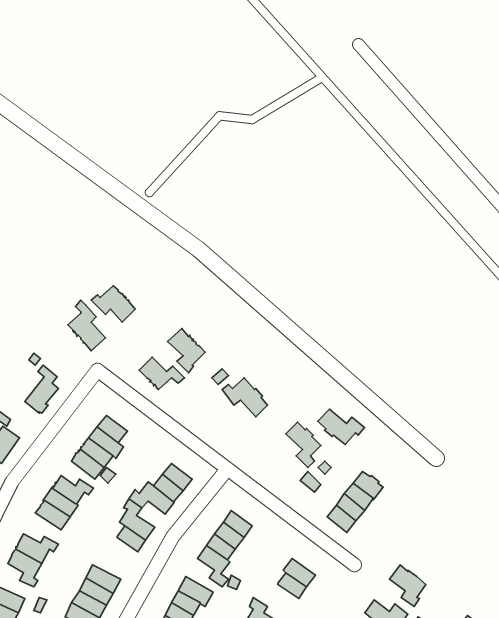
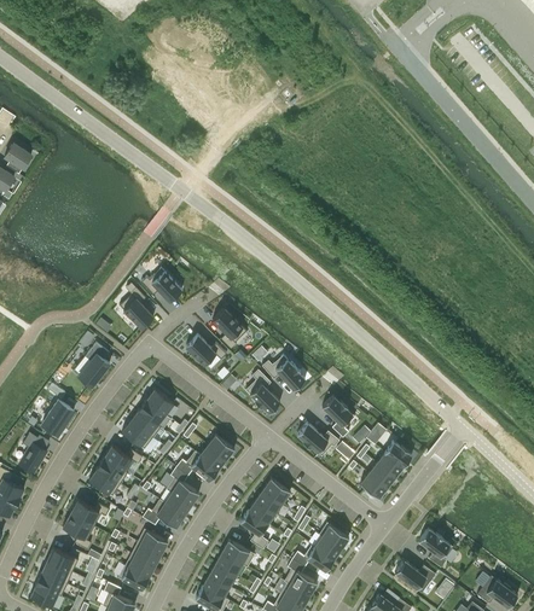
building: none -> [245,368,280,413]
building: [318,409,365,444] -> [296,423,339,455]
building: none -> [143,497,184,528]
building: none -> [291,543,333,571]

